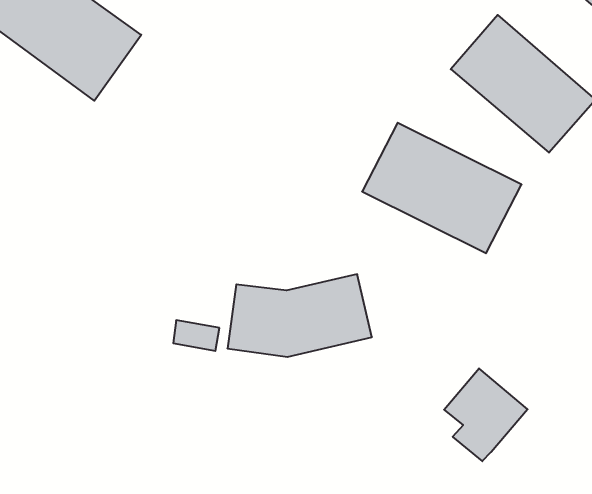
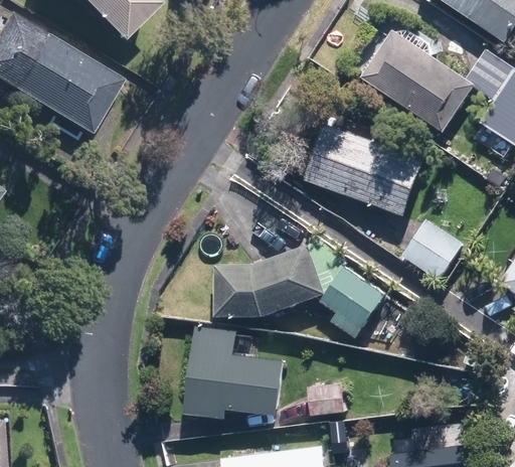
building: none -> [403,218,466,280]
building: none -> [182,326,285,417]
building: [444,368,528,461] -> [321,267,385,338]

